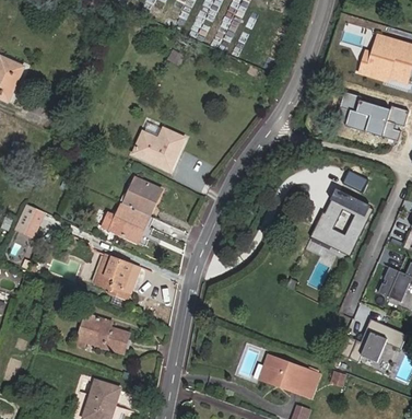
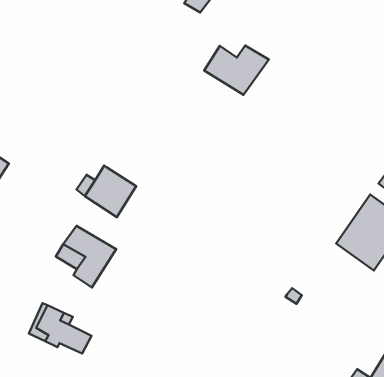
building: [132,126,184,166] -> [204,45,269,95]
building: [120,175,158,213] -> none

